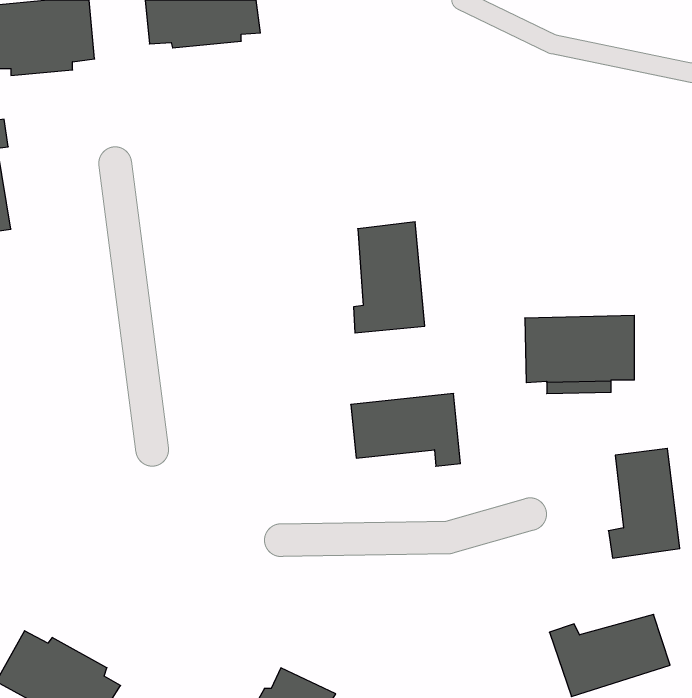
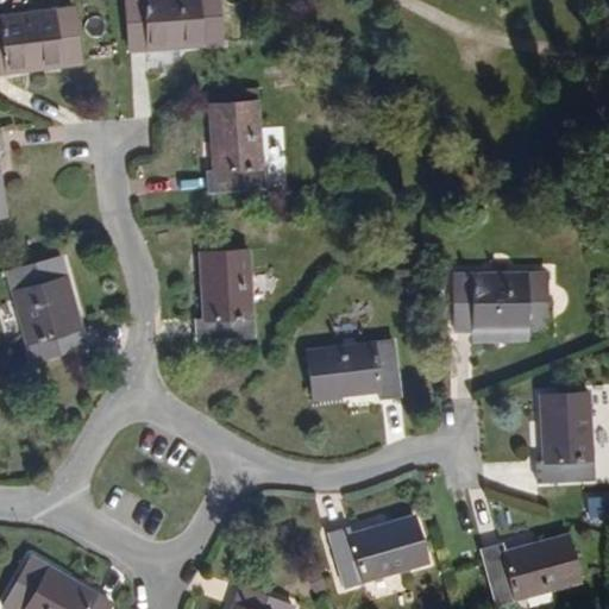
building: none -> [203,92,264,186]
building: [354,222,425,333] -> [194,246,256,343]
building: none -> [15,247,89,353]
building: none -> [326,522,427,592]

